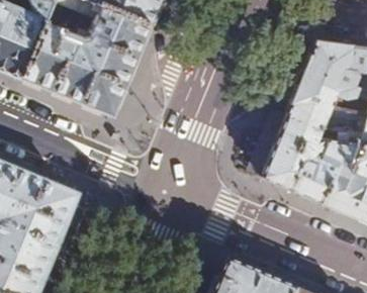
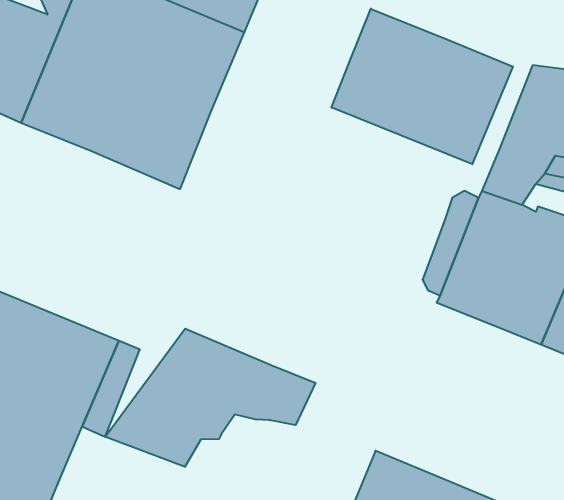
building: none -> [331,9,513,164]
building: none -> [105,329,315,467]

